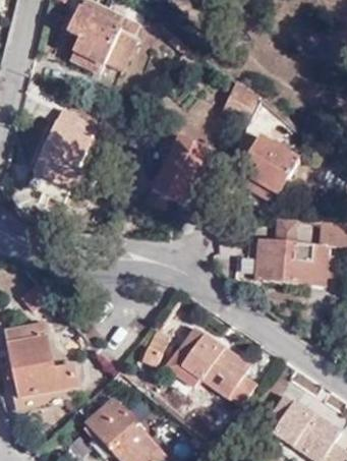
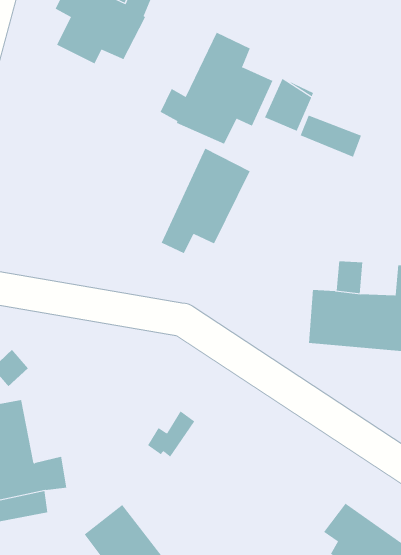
building: none -> [160,32,273,144]
building: [34,108,97,192] -> none
building: [245,135,297,193] -> none
building: [169,327,255,405] -> none

